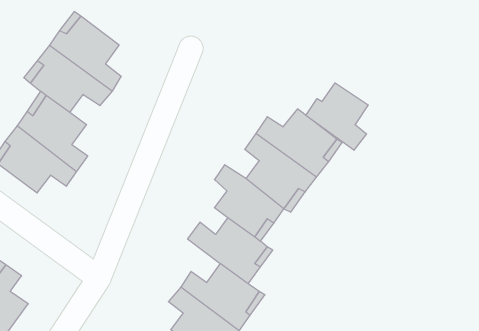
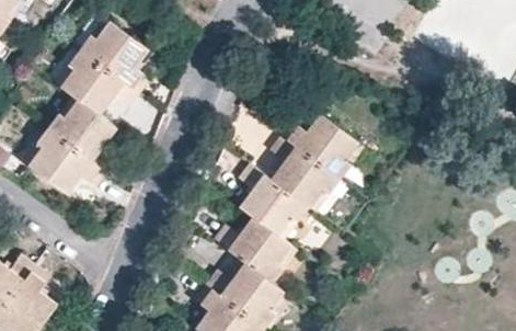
building: [306,83,368,150] -> none

